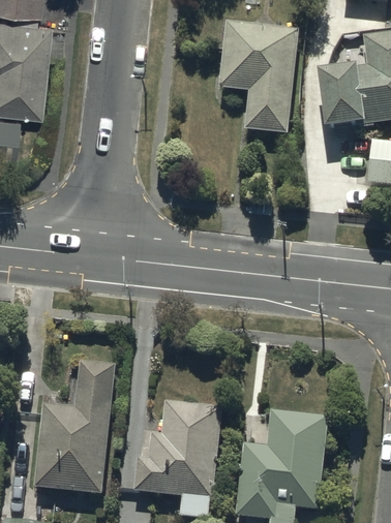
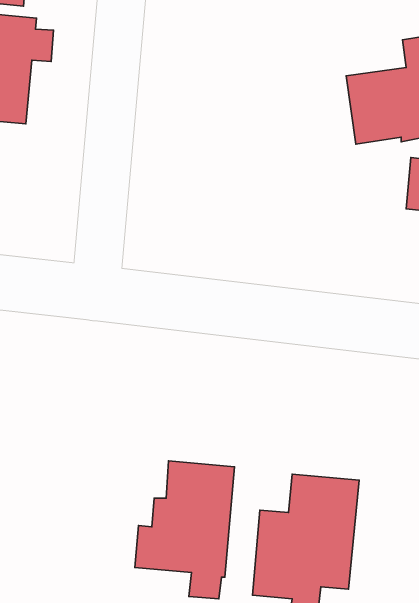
building: [218,19,300,133] -> none
building: [36,360,115,493] -> none

